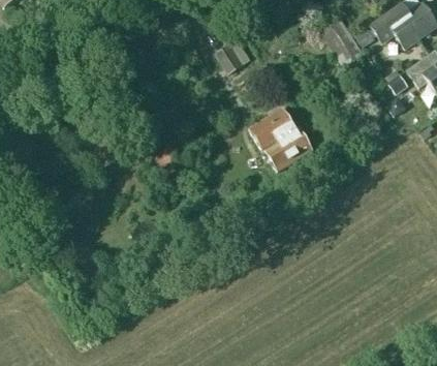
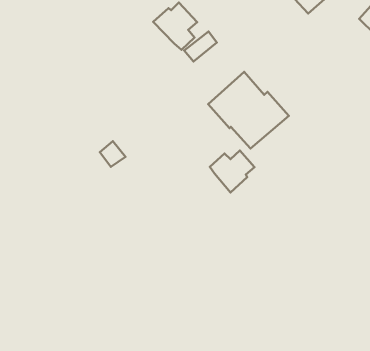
building: none -> [210,151,255,192]

